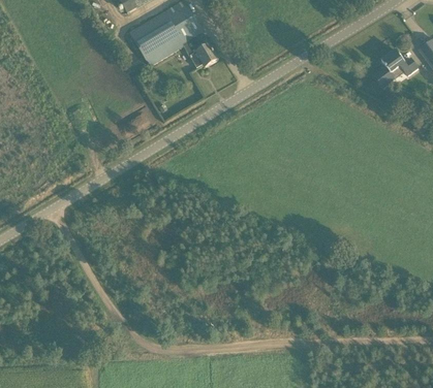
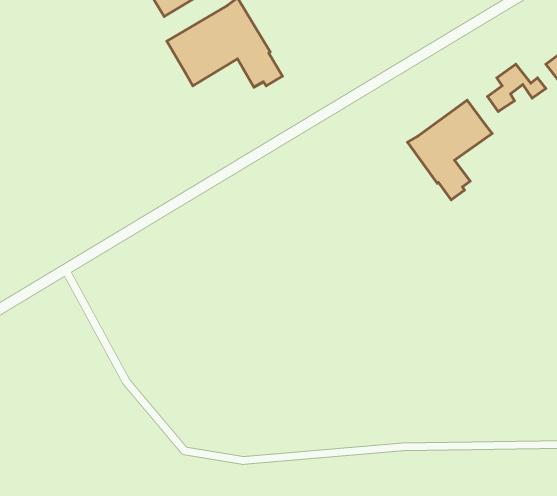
building: none -> [408,100,492,200]

